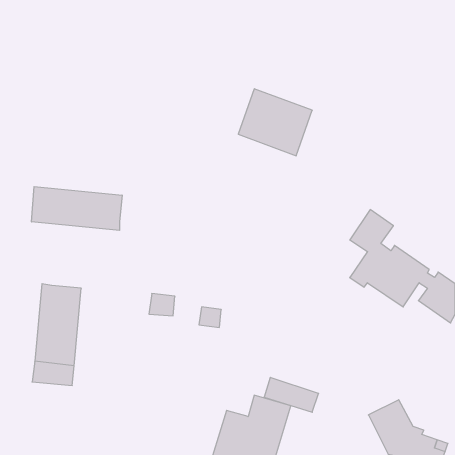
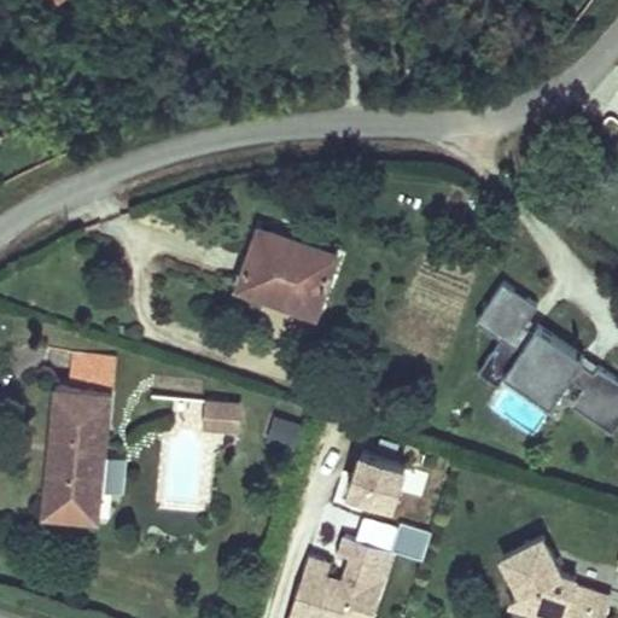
building: [238,89,312,156] -> [238,226,338,316]
building: [32,187,122,230] -> none
building: none -> [70,350,113,391]
building: none -> [345,455,408,517]

